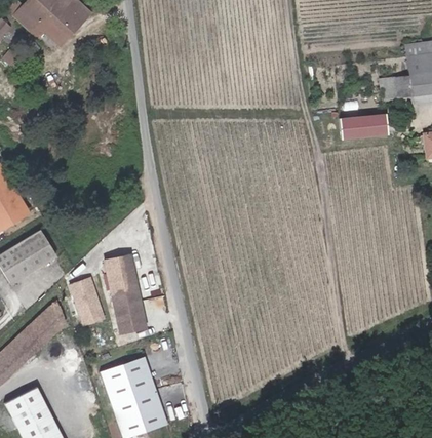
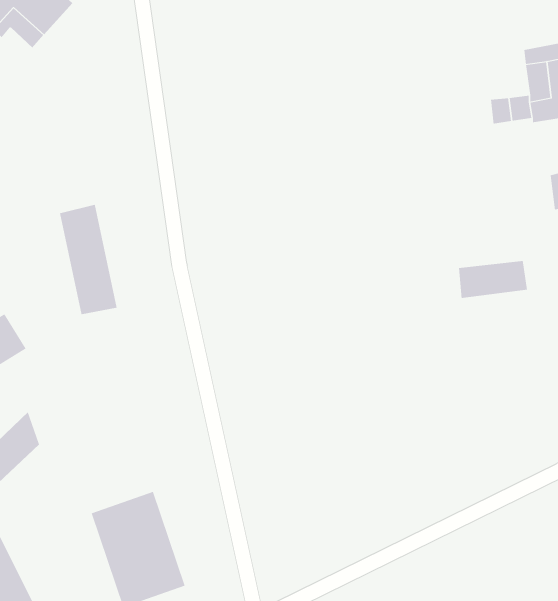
building: [342,111,391,137] -> [458,261,528,298]
building: [105,254,146,332] -> [59,204,117,315]
building: [71,278,104,324] -> none

